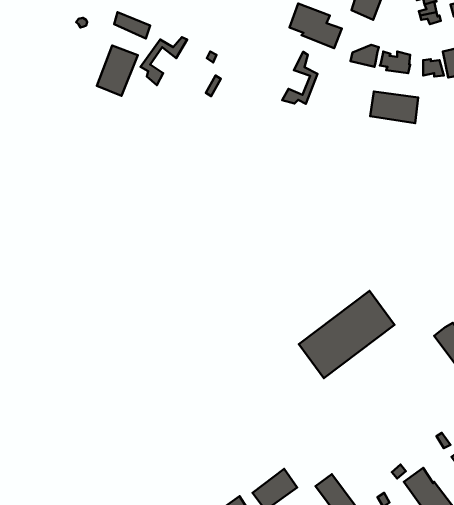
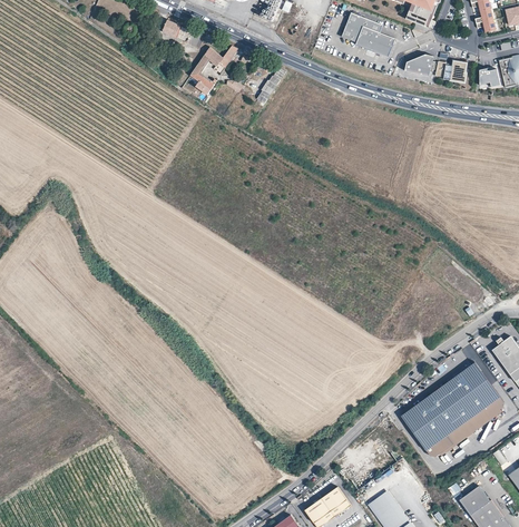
building: [97,46,138,96] -> none
building: [282,52,318,104] -> none
building: [370,92,418,123] -> none
building: [299,291,395,378] -> [402,362,500,451]

